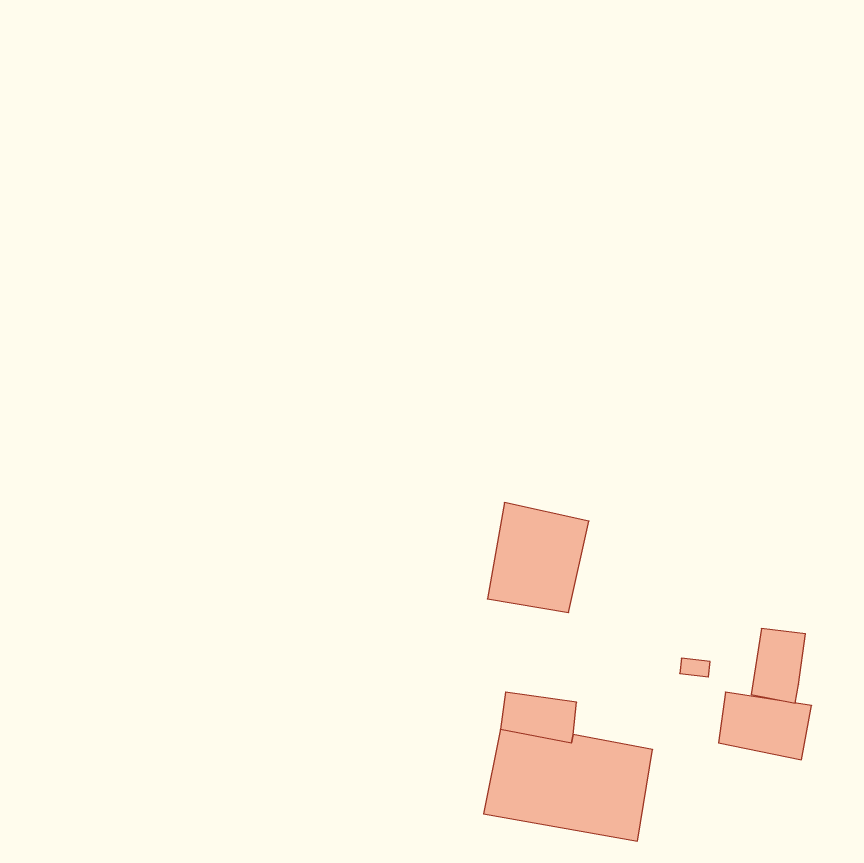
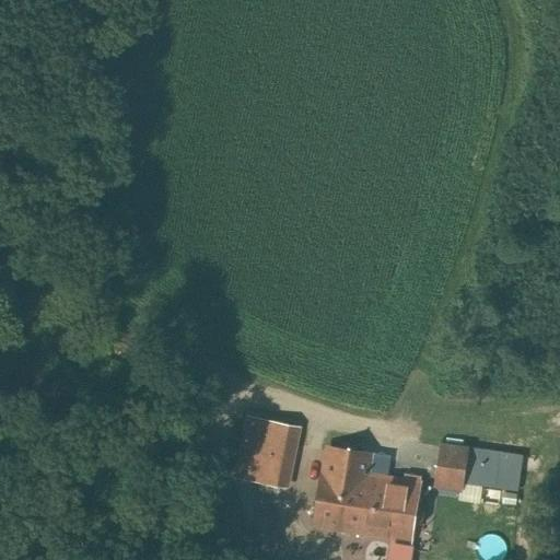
building: [487,503,589,613] -> [235,416,301,487]
building: [751,629,805,703] -> [434,444,469,492]

